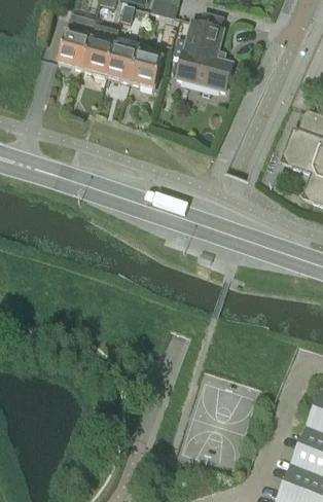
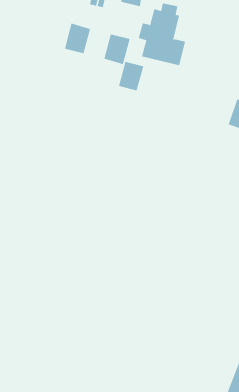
building: [59,13,96,69] -> none
building: [107,44,139,81] -> [118,61,144,91]

